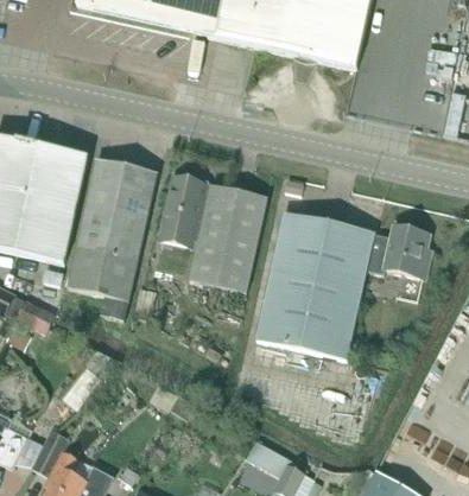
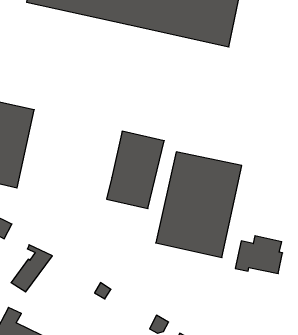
building: [66,160,156,319] -> none
building: [156,174,208,249] -> none
building: [365,225,430,278] -> [235,236,283,274]

